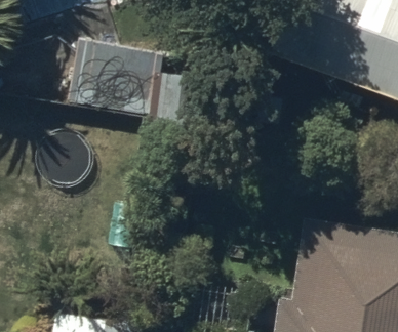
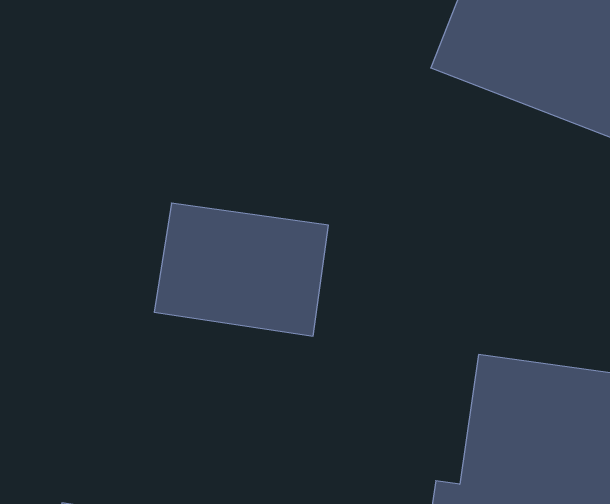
building: [71,37,175,117] -> [154,203,328,336]

